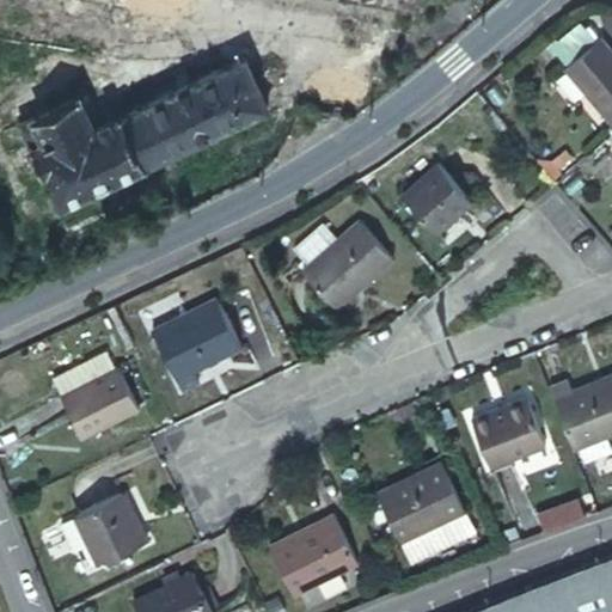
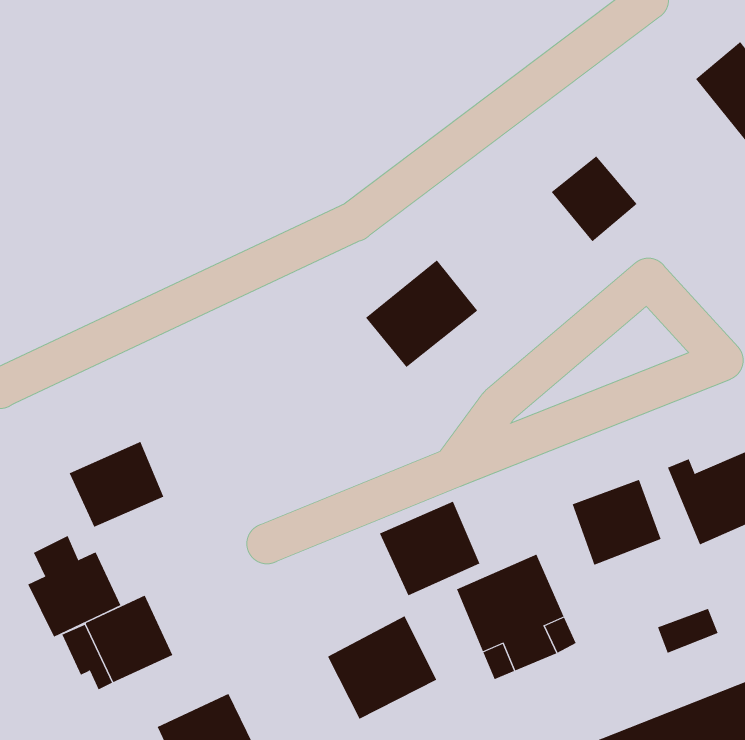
building: [36,54,281,202] -> none
building: [404,166,475,237] -> [551,156,638,242]
building: [155,308,240,397] -> none
building: none -> [379,501,480,596]
building: none -> [28,535,121,638]

